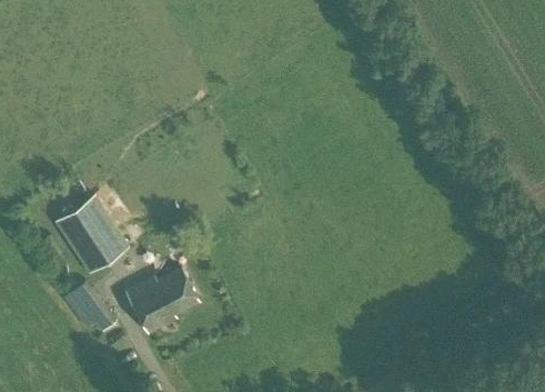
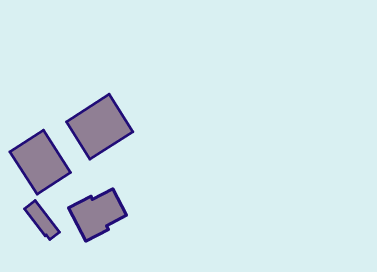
building: none -> [66,94,133,159]

